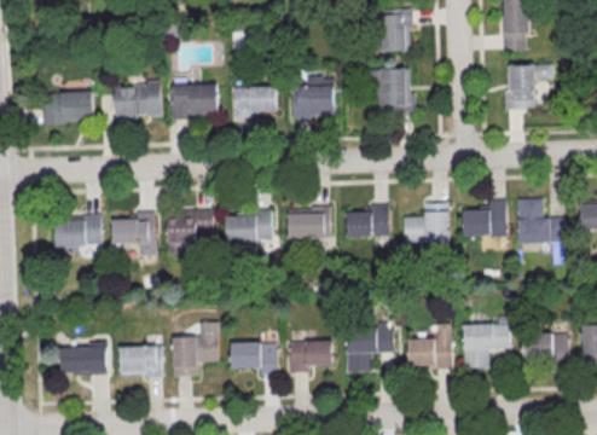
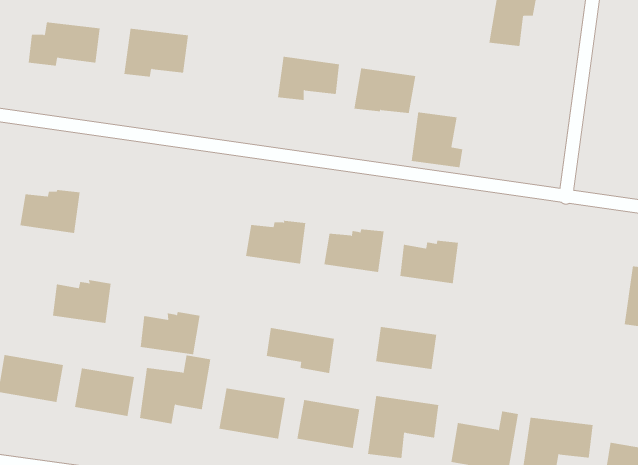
building: [377,69,416,108] -> [411,112,463,168]
building: [169,85,216,120] -> none
building: [463,199,505,236] -> none
building: [402,203,448,243] -> none
building: [169,211,211,243] -> [140,311,201,355]
building: [112,213,155,244] -> [52,280,112,323]
building: none -> [376,326,437,370]
building: none -> [266,327,334,374]

